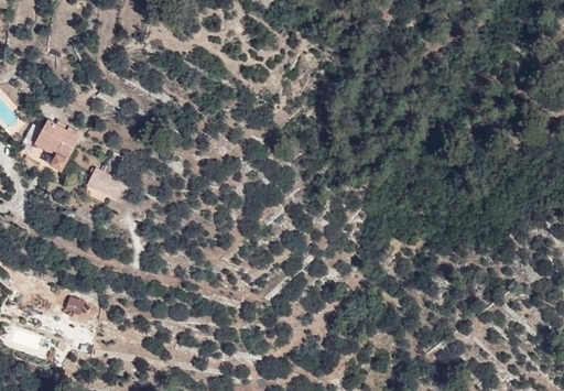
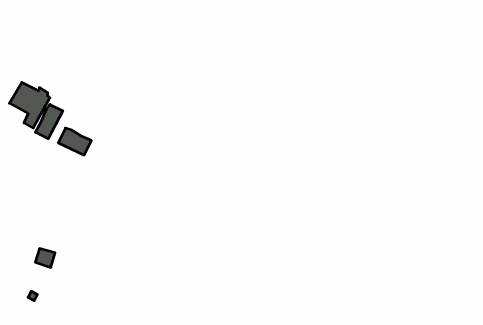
building: none -> [35,104,63,139]

